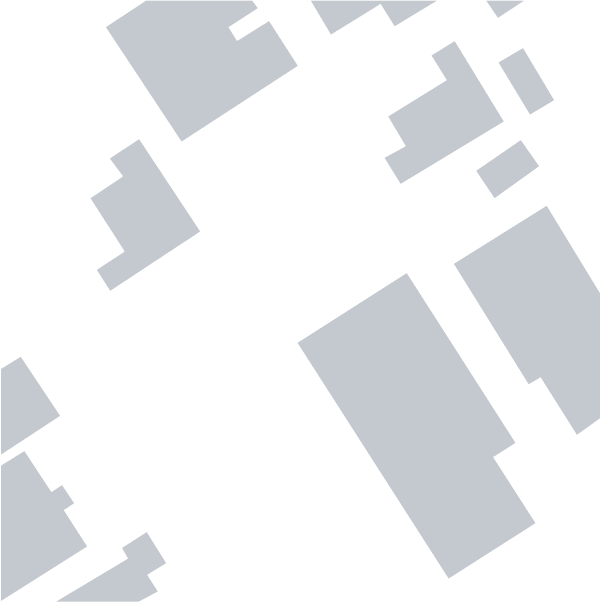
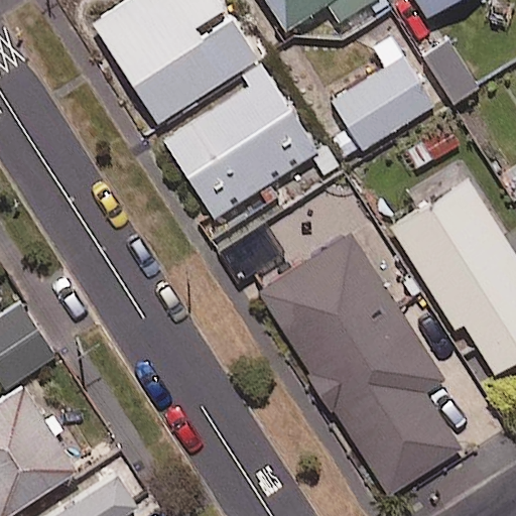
building: none -> [163,61,341,217]
building: [89,138,201,292] -> none

